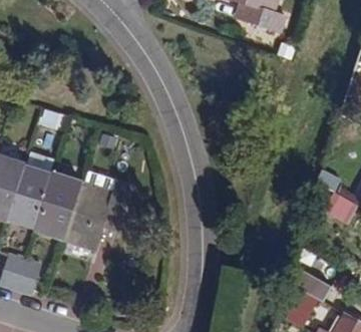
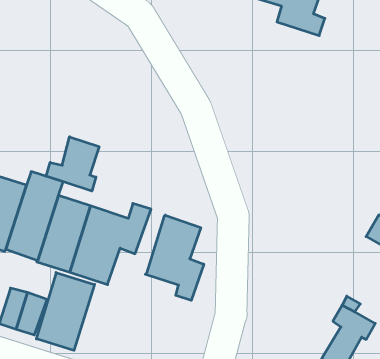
building: none -> [46,137,99,191]
building: none -> [145,215,204,300]
building: none -> [36,272,95,350]

